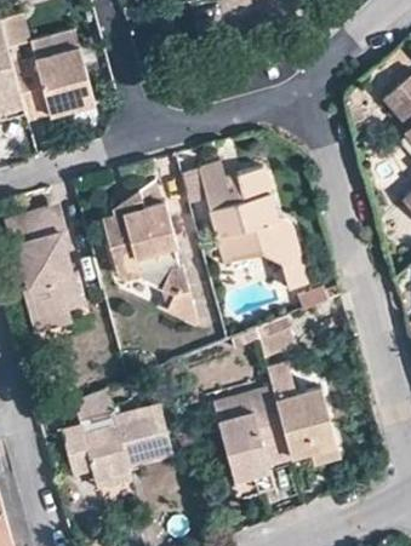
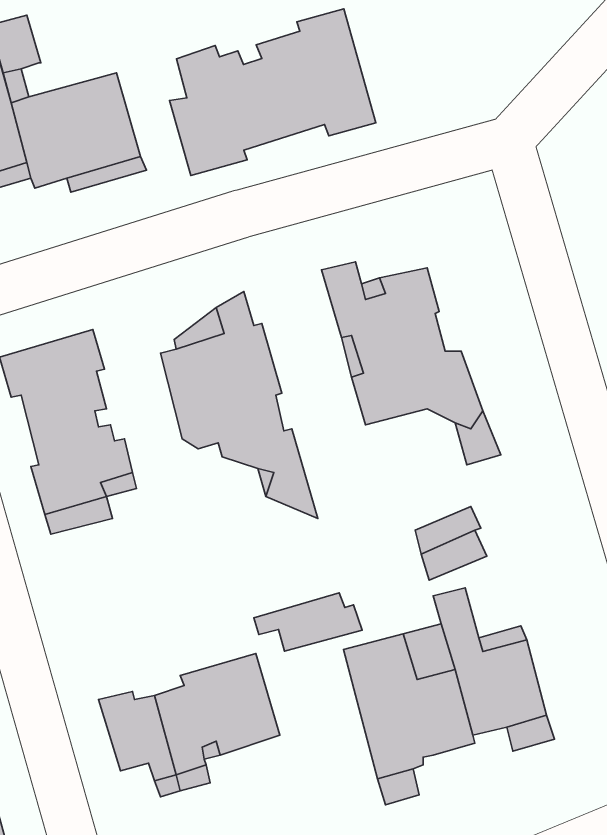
building: none -> [169,9,376,176]
building: none -> [254,593,362,651]

